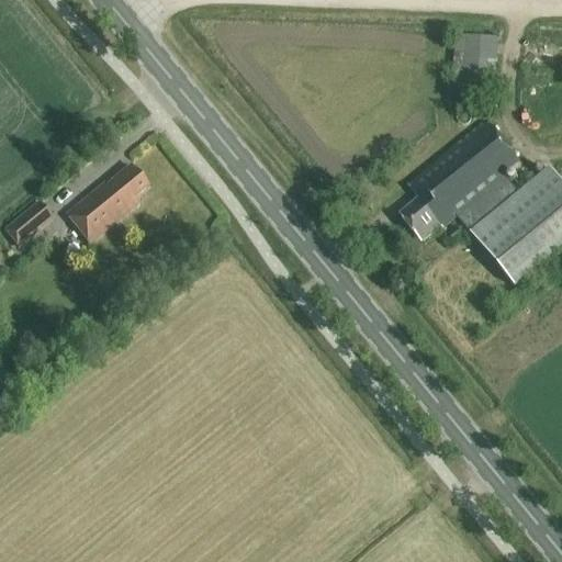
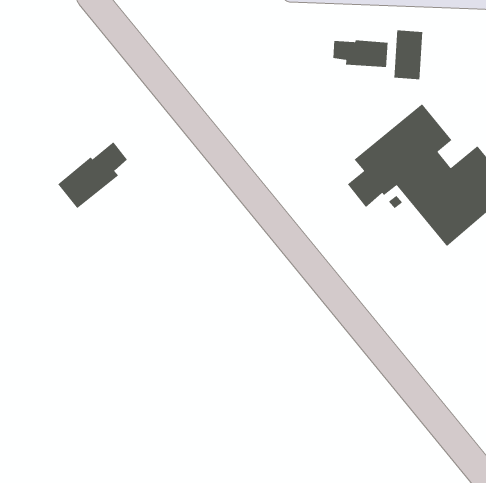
building: none -> [333,39,389,68]
building: [5,199,53,244] -> none

